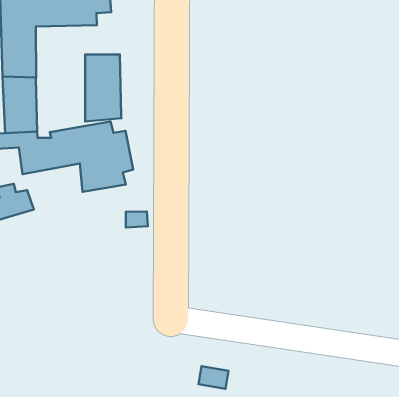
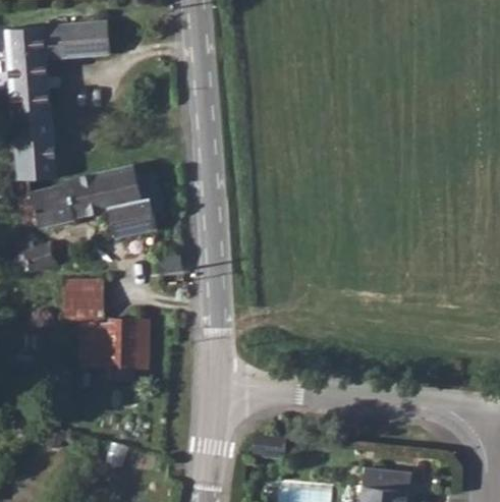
building: [85,54,121,122] -> none
building: none -> [63,272,152,364]

